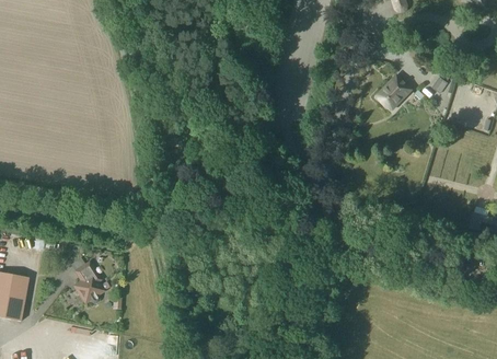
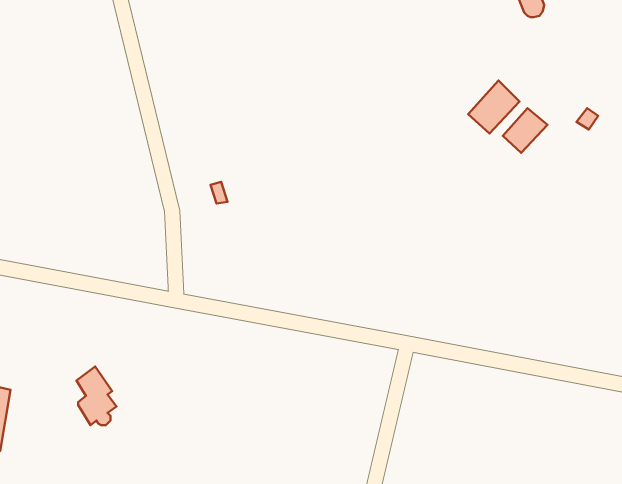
building: none -> [468,80,520,133]

